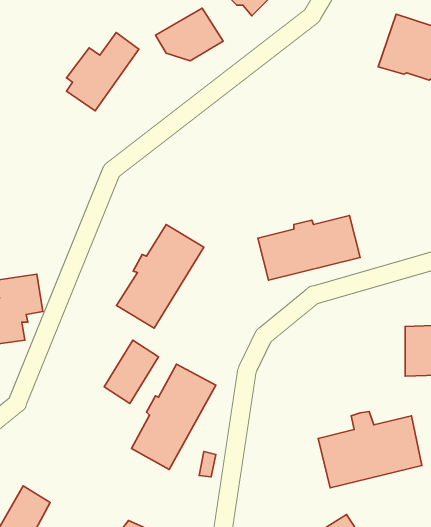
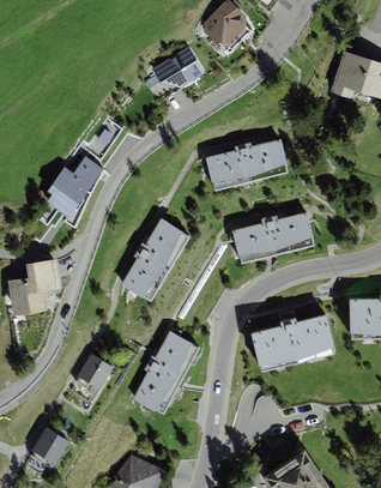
building: [67,33,139,111] -> [47,155,104,217]
building: none -> [207,139,289,189]
building: [104,340,158,403] -> [69,353,113,403]
building: [318,411,422,488] -> [253,311,335,372]

